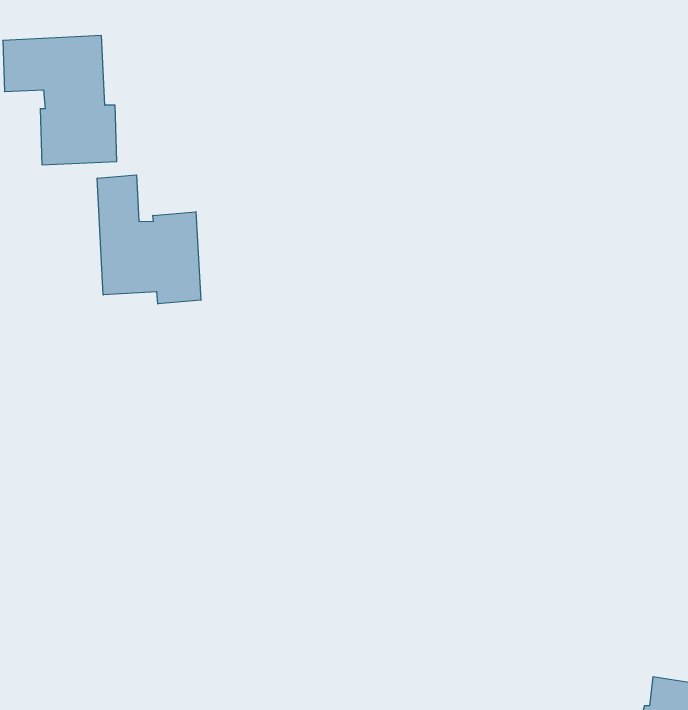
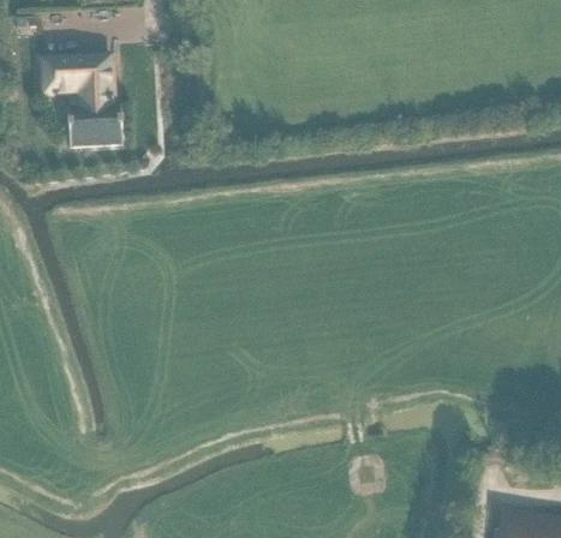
building: [97,175,201,304] -> none

